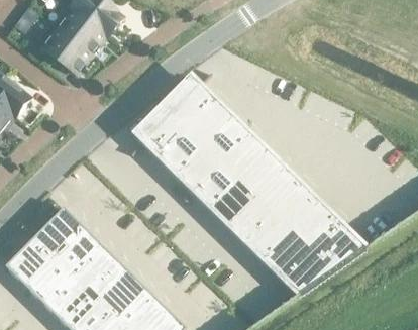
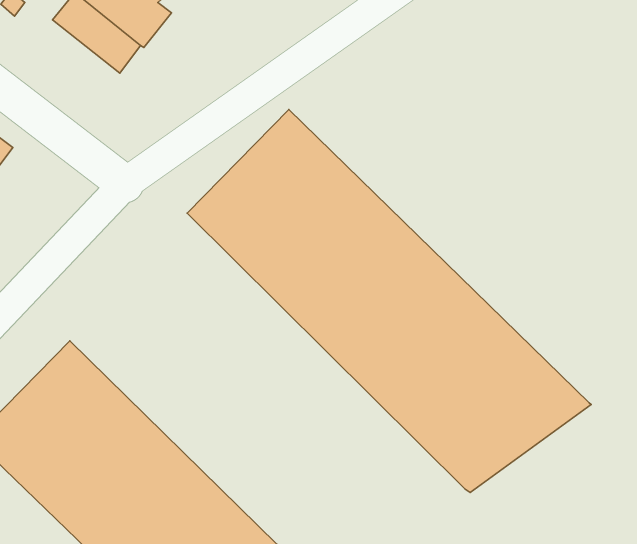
building: [35,20,92,71] -> none

